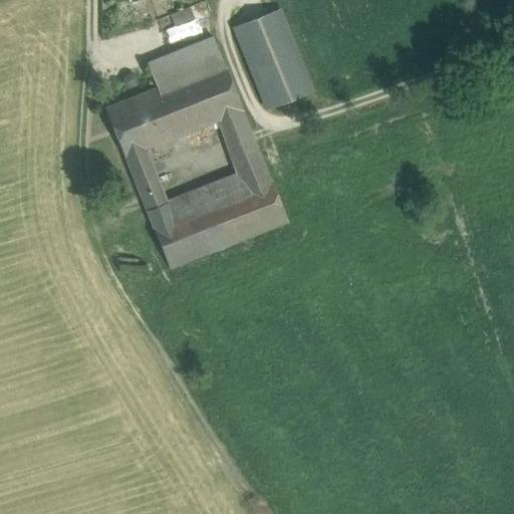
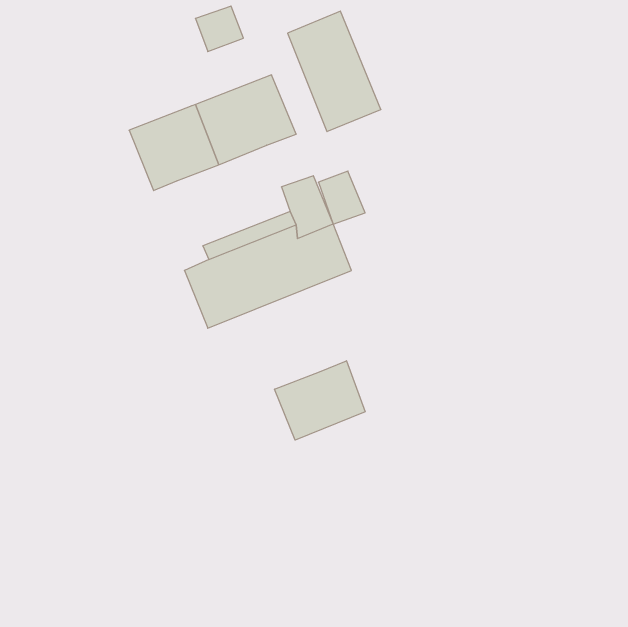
building: [147,36,222,86] -> none
building: [218,109,256,153] -> [318,171,365,224]
building: [125,148,171,221] -> none
building: none -> [275,361,365,440]

